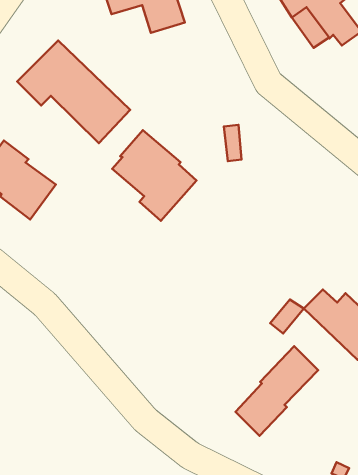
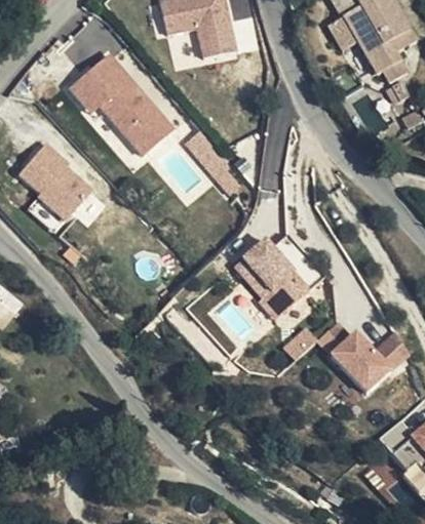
building: [112,130,197,221] -> [232,234,312,323]
building: [235,346,318,436] -> none

